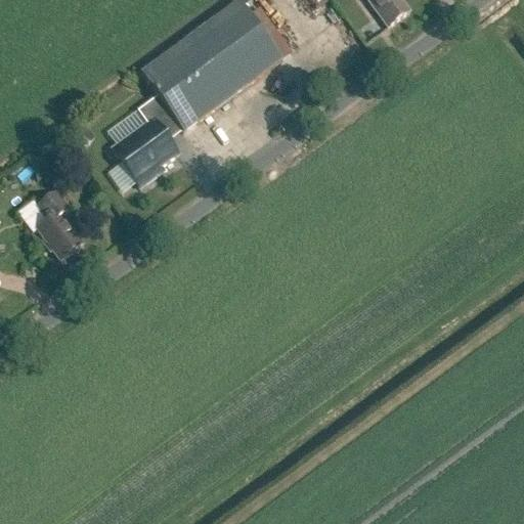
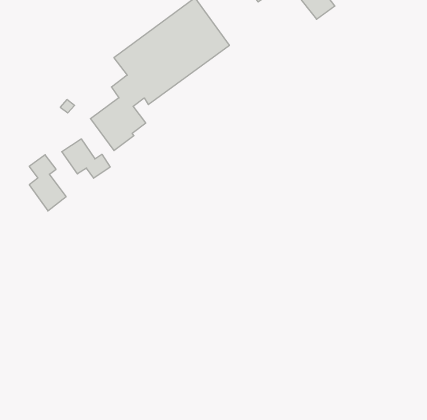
building: none -> [62,139,110,178]

